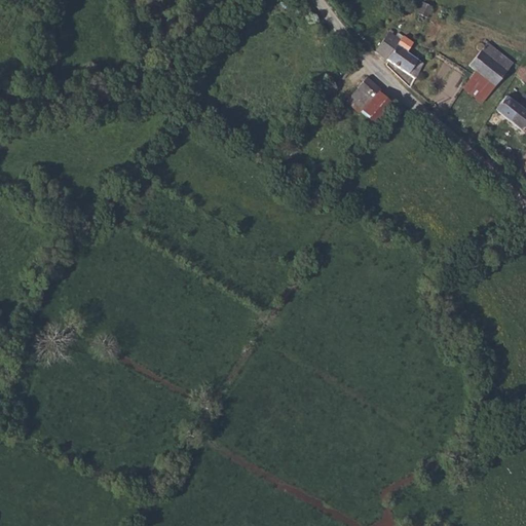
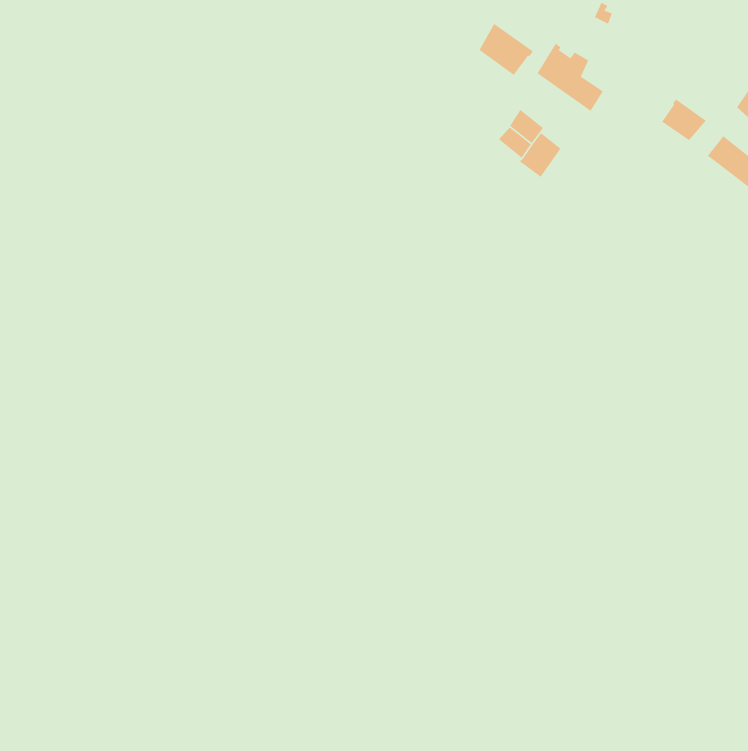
building: none -> [478,23,534,76]
building: [469,40,516,84] -> none

